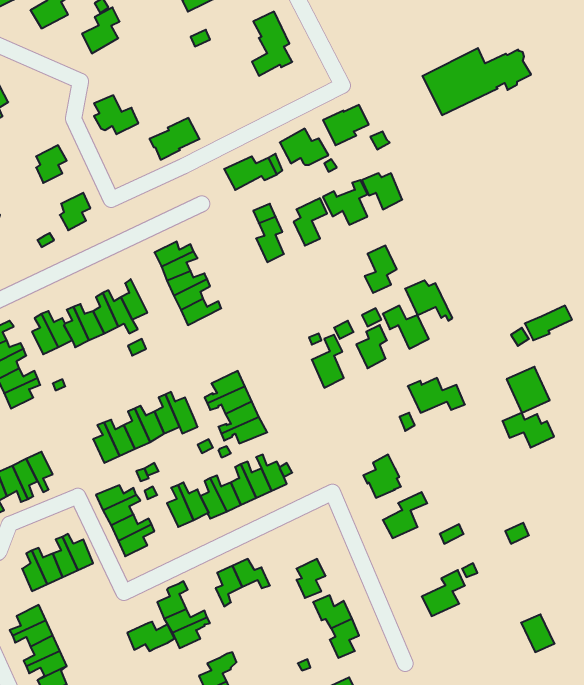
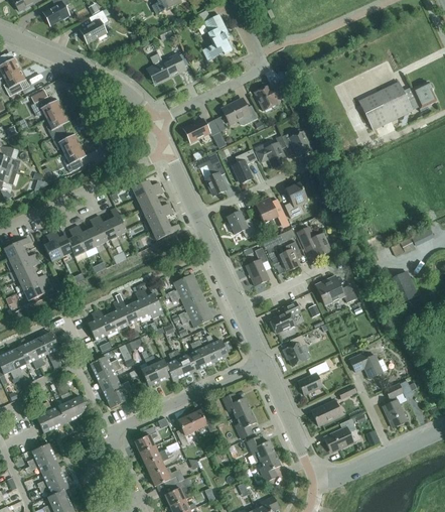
building: [422,48,531,115] -> [358,81,437,129]
building: [94,95,138,134] -> [30,90,62,118]
building: [149,118,200,160] -> [148,52,184,83]
building: none -> [51,130,81,152]
building: [405,280,452,321] -> [255,197,289,226]
building: none -> [227,210,257,236]
building: none -> [269,300,300,333]
building: [502,413,554,448] -> [349,353,387,378]
building: none -> [222,392,250,416]
building: none -> [311,399,341,425]
building: [521,614,555,652] -> [383,399,407,426]
building: [127,622,175,651] -> [150,466,184,487]

